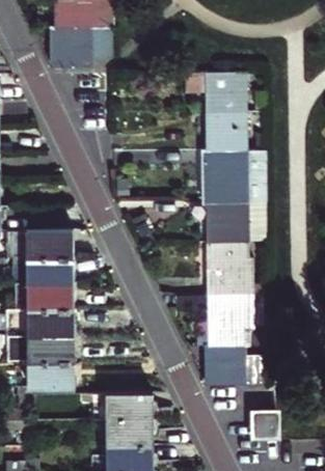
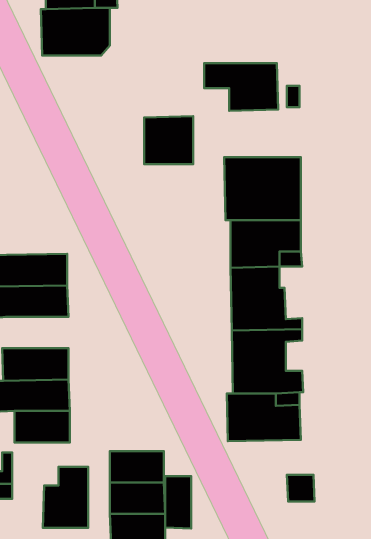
building: [206,113,246,153] -> [144,116,193,164]
building: [27,284,73,310] -> none
building: none -> [43,467,88,528]
building: none -> [165,476,191,529]

